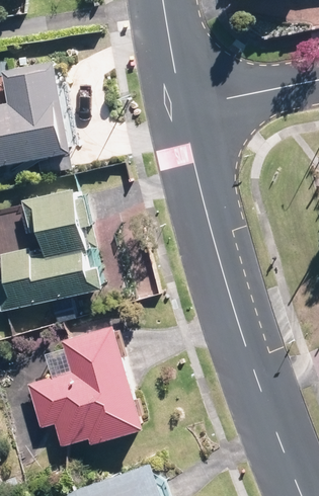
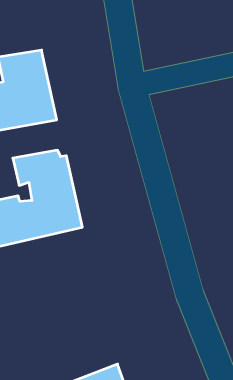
building: [27,326,148,443] -> none

